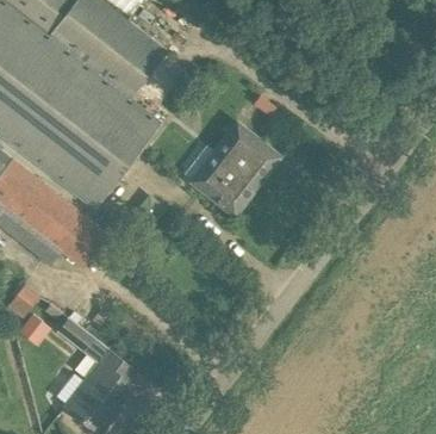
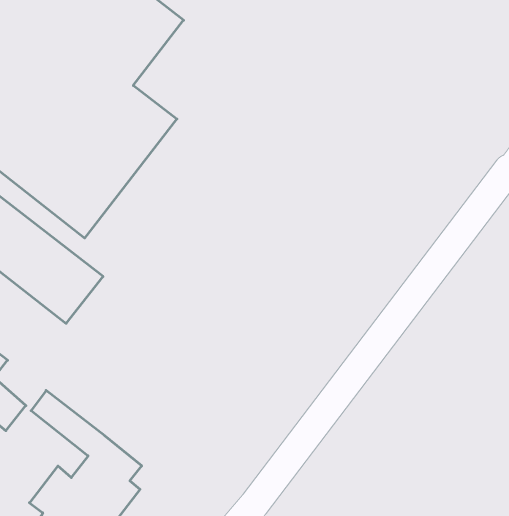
building: [189,122,279,215] -> none

